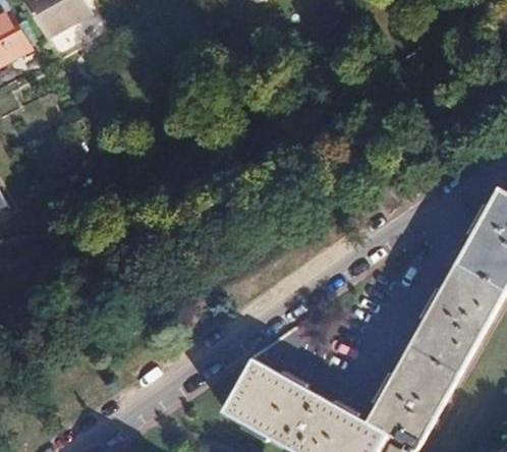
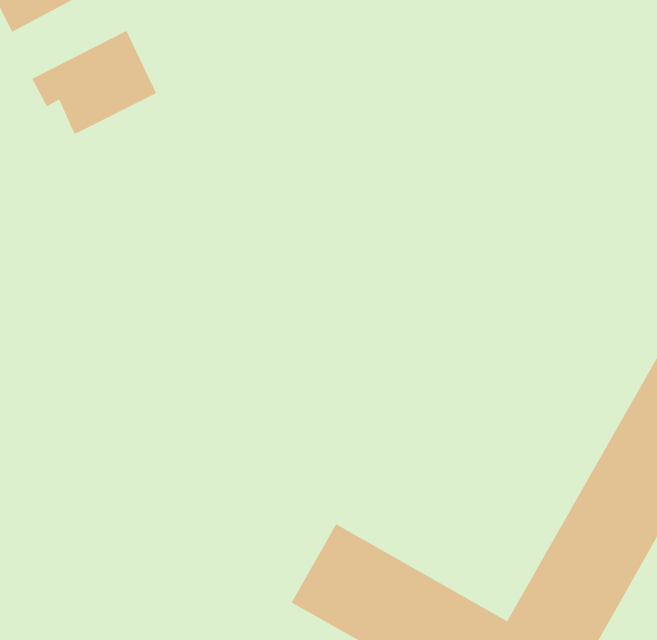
building: none -> [31,30,157,135]

